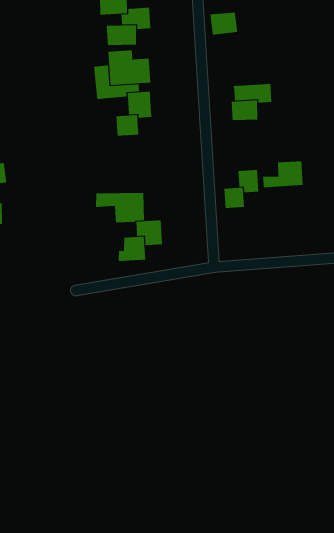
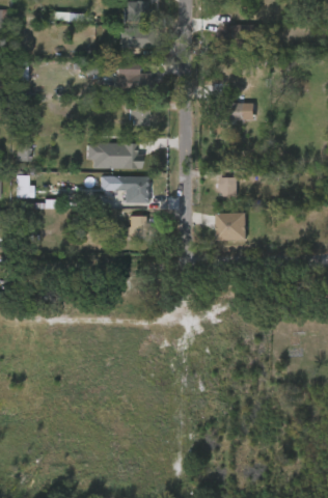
building: none -> [84,144,138,169]
building: [262,161,303,188] -> none
building: none -> [215,214,245,241]

